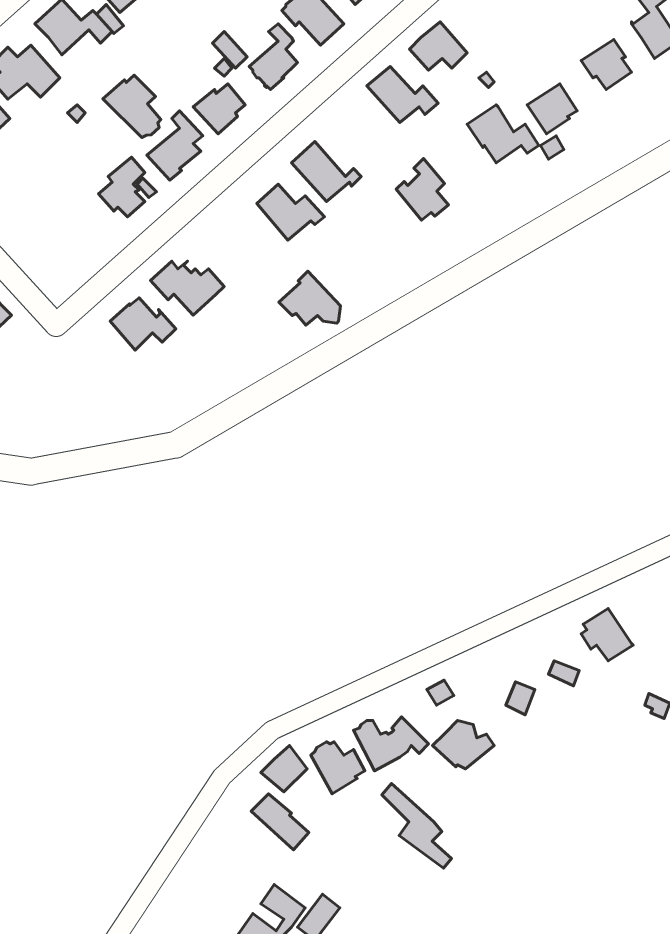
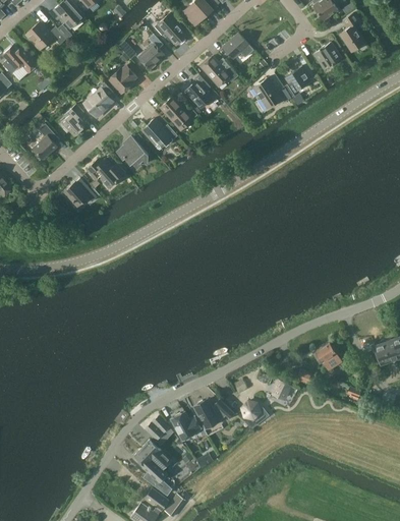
building: [103,75,161,137] -> none
building: [396,158,448,220] -> [185,74,213,107]
building: none -> [33,124,58,160]
building: [279,271,341,325] -> [116,136,149,165]
building: [382,783,451,868] -> [134,450,171,495]

